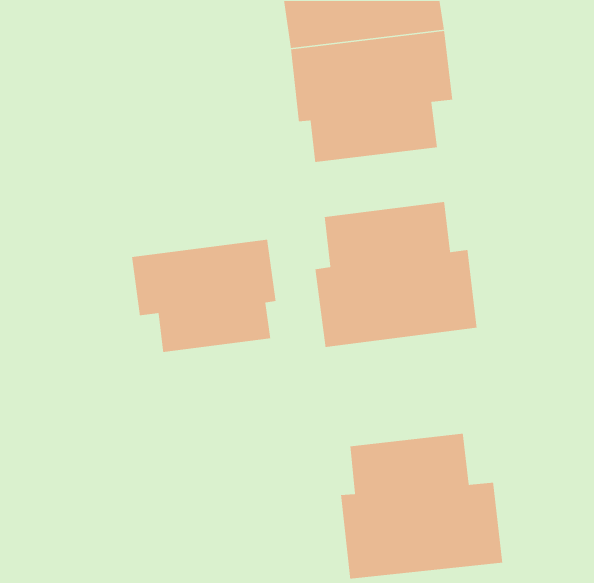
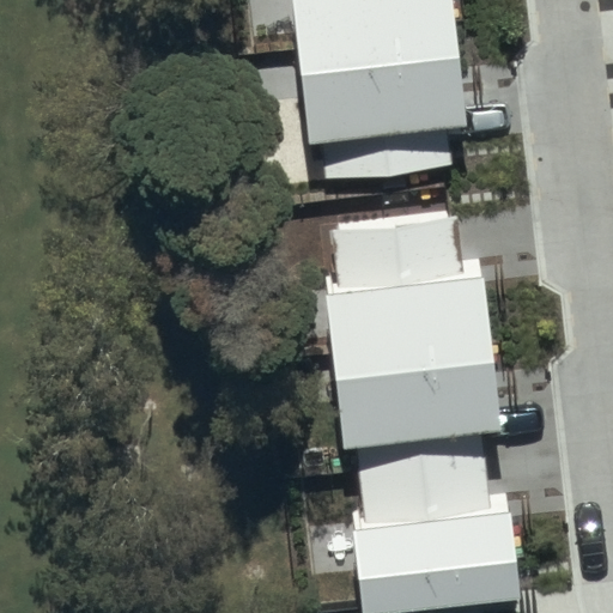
building: [131,239,277,353] -> none
building: none -> [335,350,500,471]

